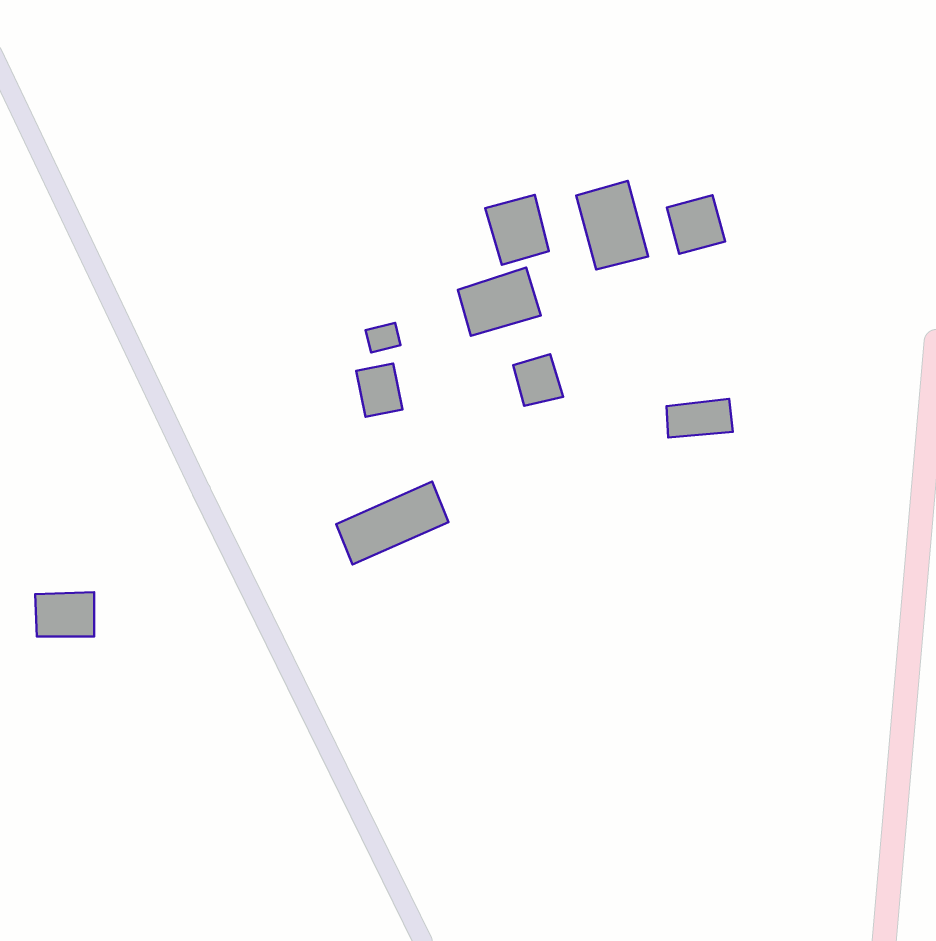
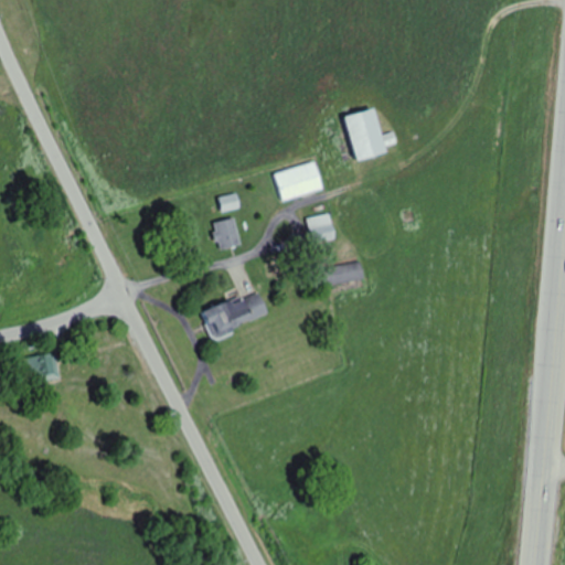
building: [485,195,549,265] -> none
building: [667,195,725,254] -> none
building: [666,399,733,437] -> [324,260,364,284]

